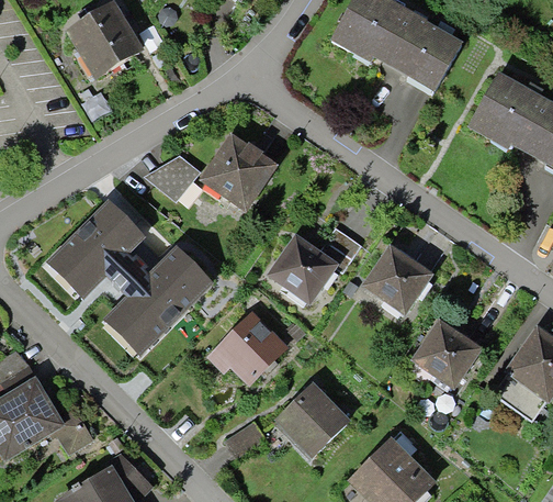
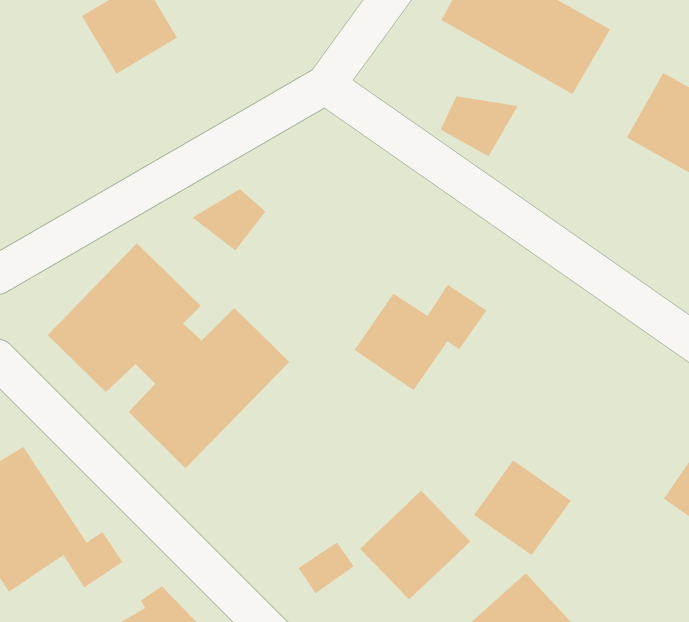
building: none -> [440,95,519,158]
building: [201,137,279,215] -> none
building: [362,246,435,317] -> none
building: [207,312,290,388] -> none
building: [411,321,485,393] -> [473,459,572,556]

